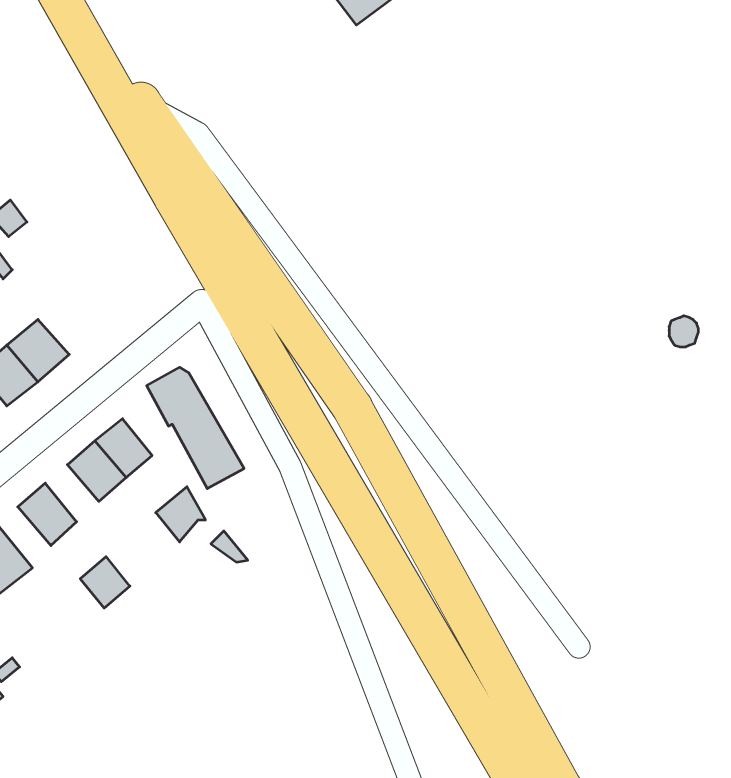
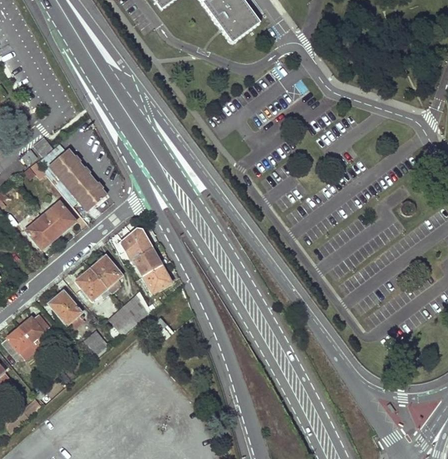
building: none -> [49,150,106,210]
building: none -> [109,306,136,334]

